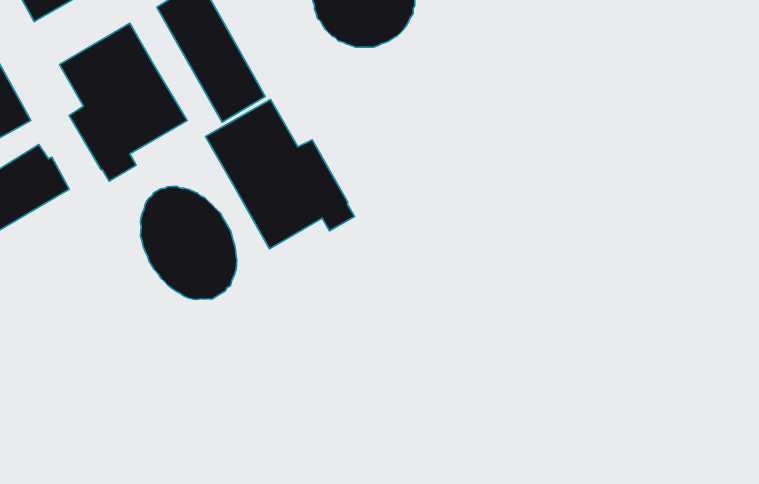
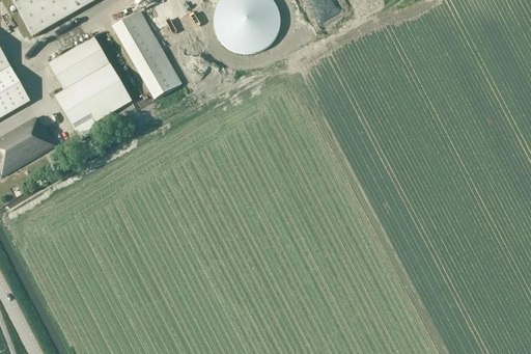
building: [205,99,355,249] -> none
building: [140,186,237,299] -> none

